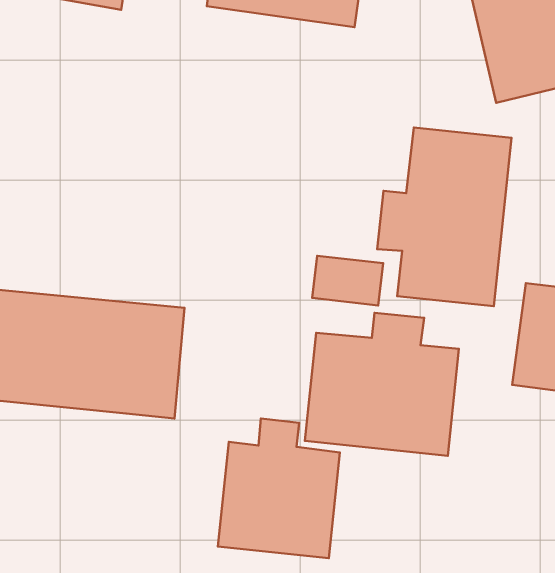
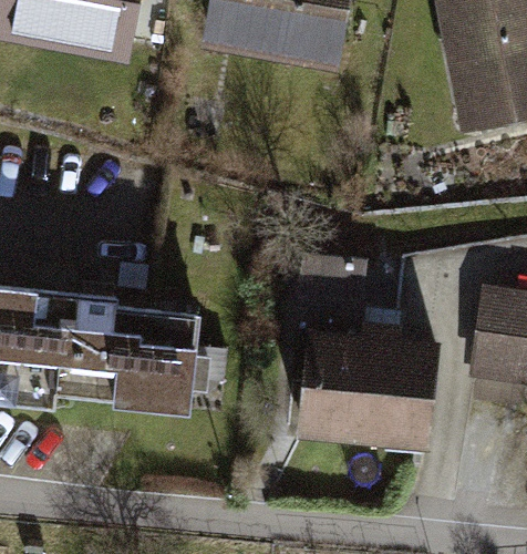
building: [377,128,511,306] -> none
building: [218,418,340,558] -> none

